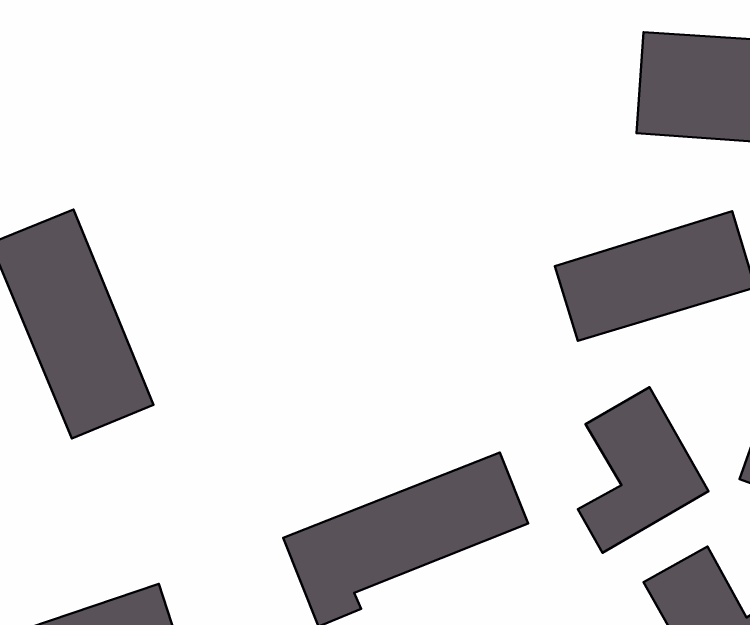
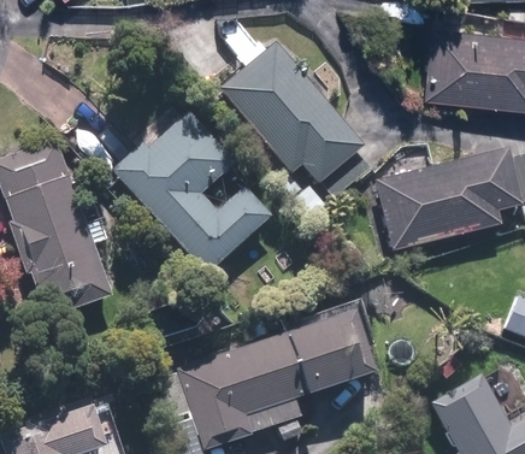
building: none -> [219,45,362,185]
building: none -> [113,116,270,275]
building: [578,387,708,553] -> none

